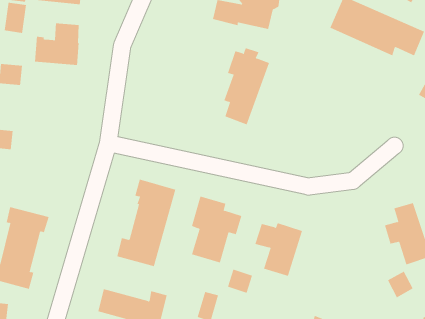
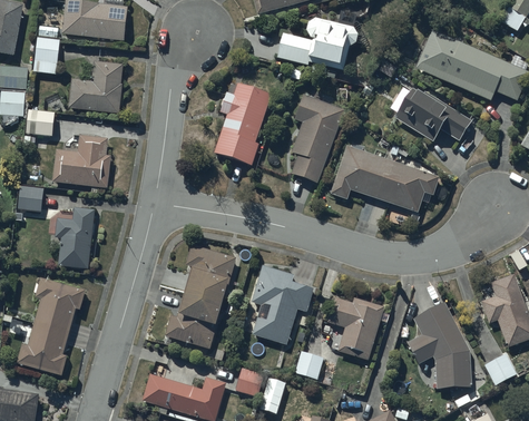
building: none -> [215,84,270,164]
building: none -> [394,88,472,140]
building: none -> [52,135,110,193]
building: none -> [331,146,439,212]
building: none -> [55,208,94,268]
building: none -> [408,302,470,389]
building: none -> [236,368,264,396]

